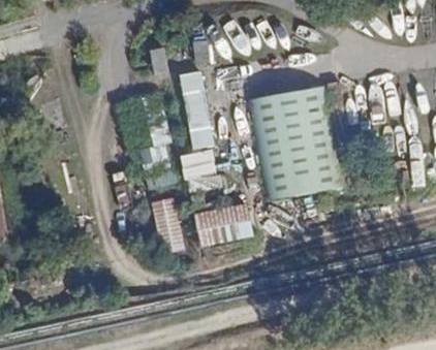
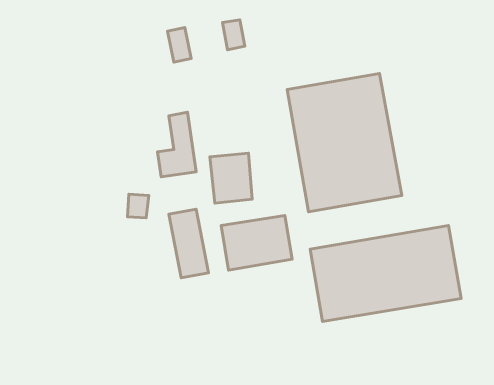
building: [179,69,214,148] -> none
building: none -> [310,225,461,321]

